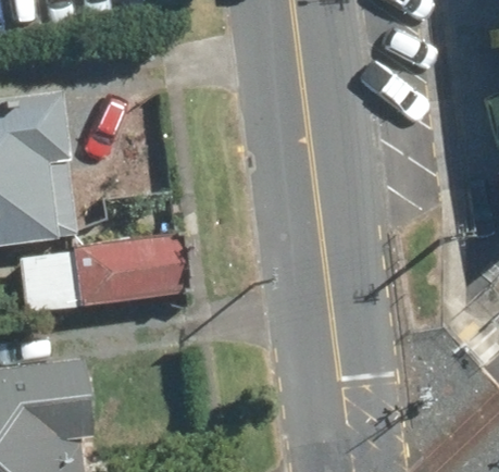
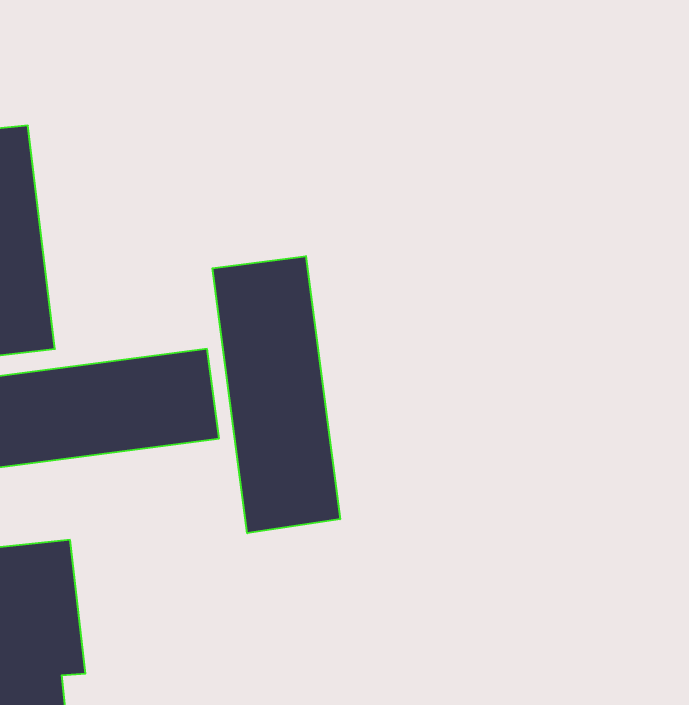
building: none -> [212,256,340,533]

